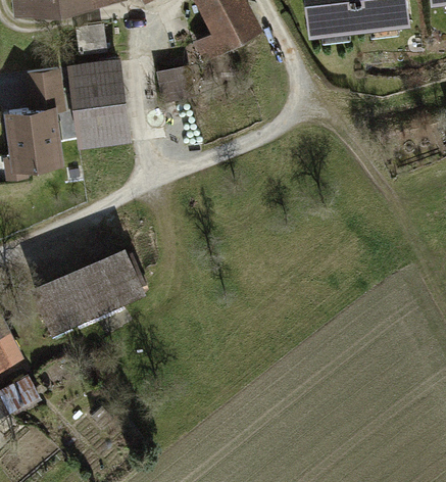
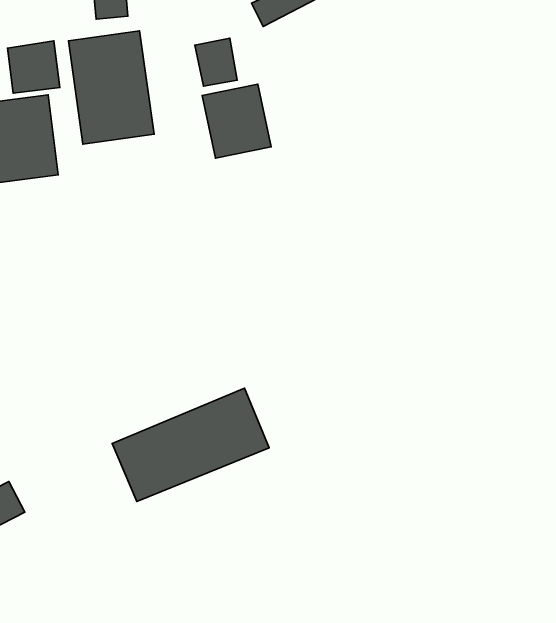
building: none -> [202,84,271,158]
building: [33,253,143,333] -> [112,388,269,502]

